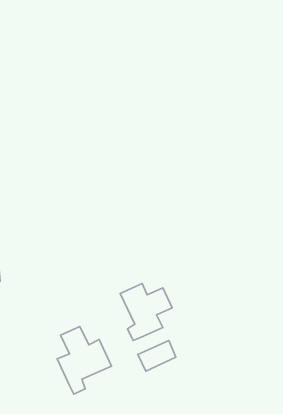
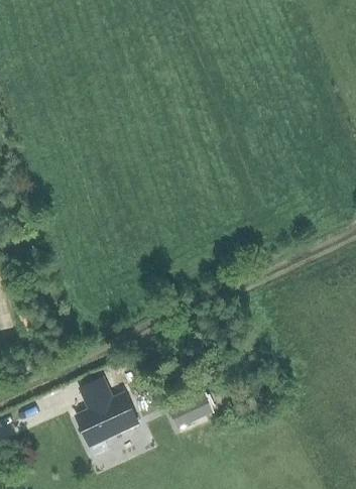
building: [120,283,172,341] -> none

